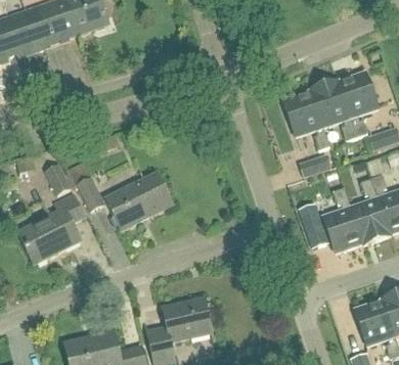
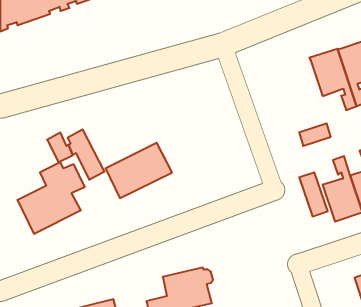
building: [282,89,329,149] -> none

